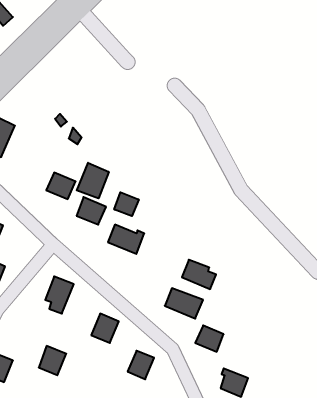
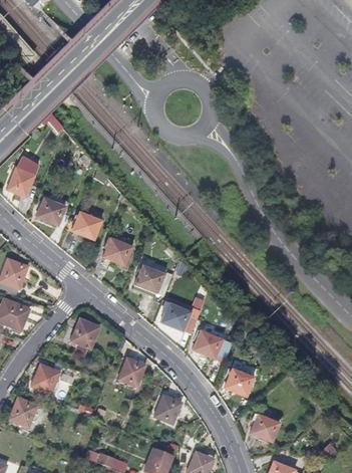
building: none -> [36,197,65,225]
building: [77,163,109,198] -> none
building: [114,192,139,216] -> none
building: [182,260,216,289] -> [161,303,197,333]
building: [39,346,66,375] -> [31,364,59,394]

